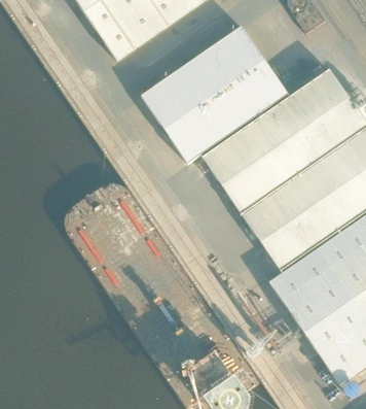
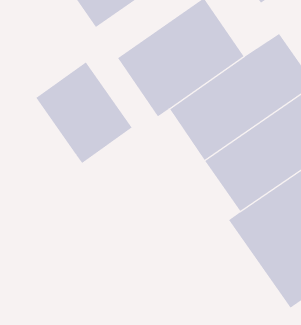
building: none -> [36,61,133,164]

